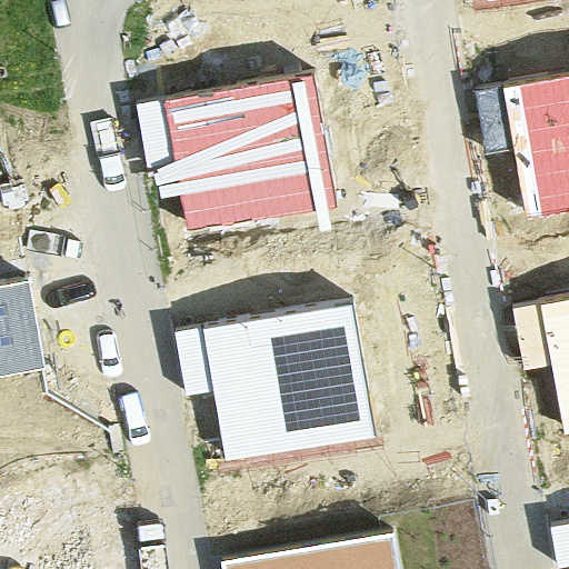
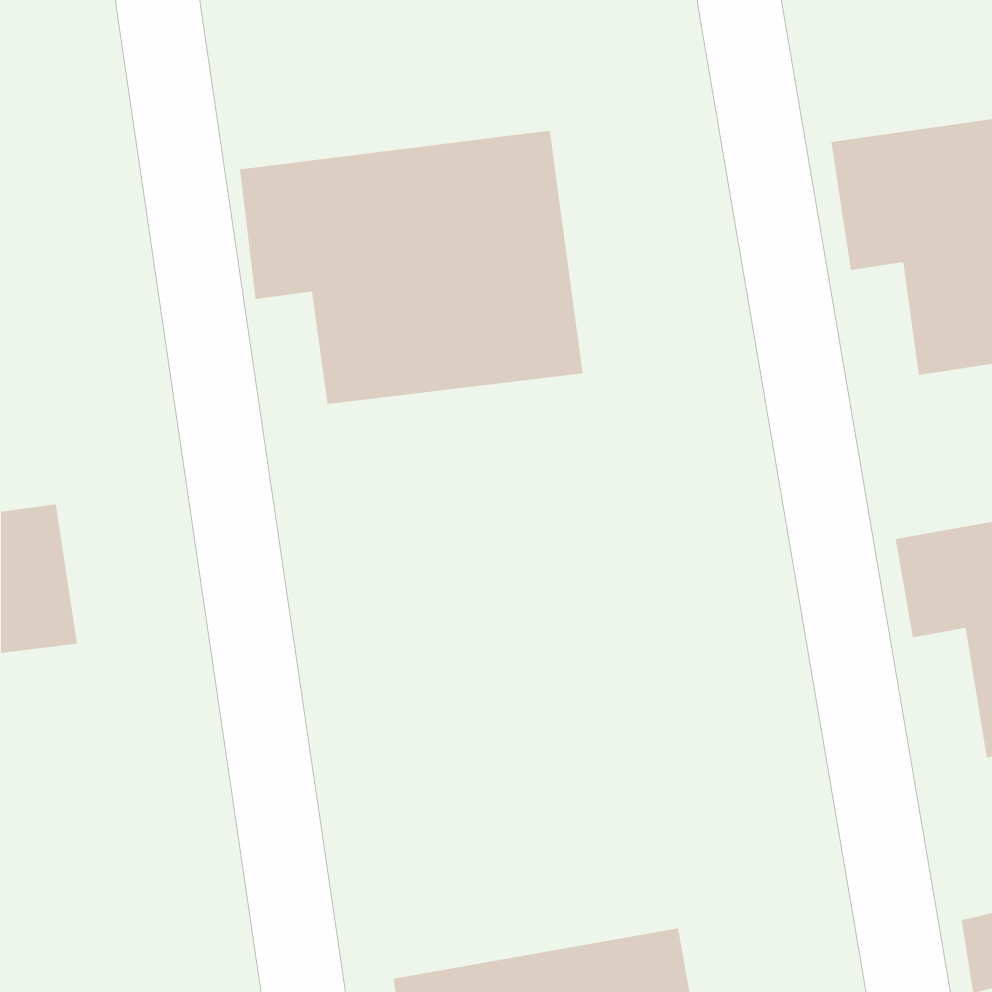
building: [174,305,375,468] -> none

